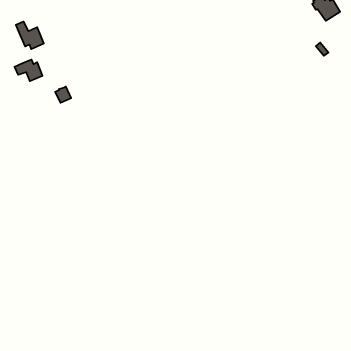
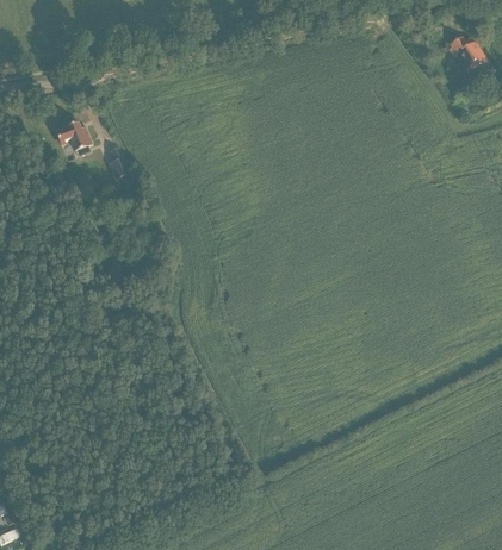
building: [16,21,44,49] -> none

